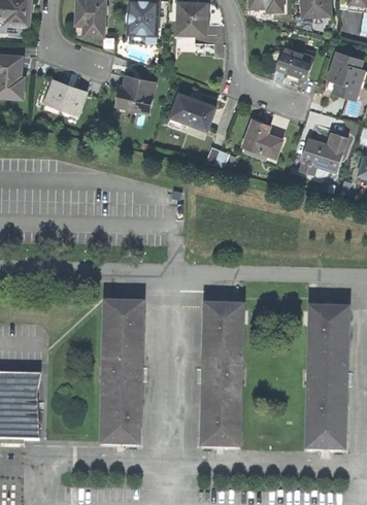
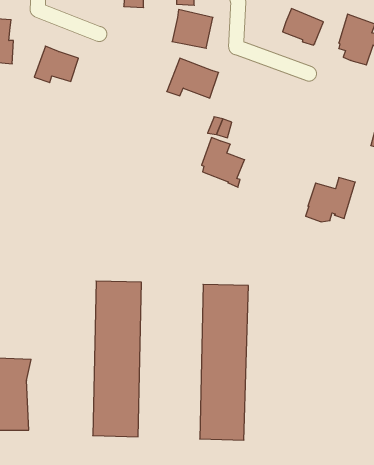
building: [118,75,156,111] -> [172,10,213,48]
building: [243,119,283,165] -> [202,138,245,187]
building: [300,133,346,174] -> [306,178,355,222]
building: [304,306,349,450] -> none

